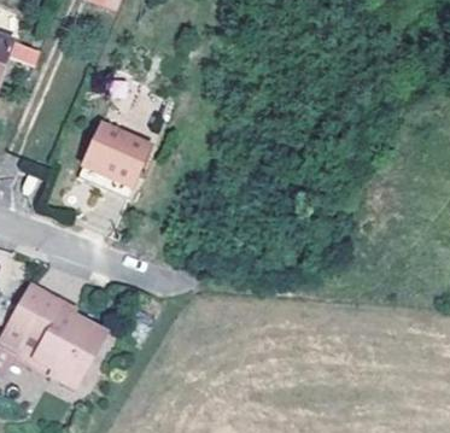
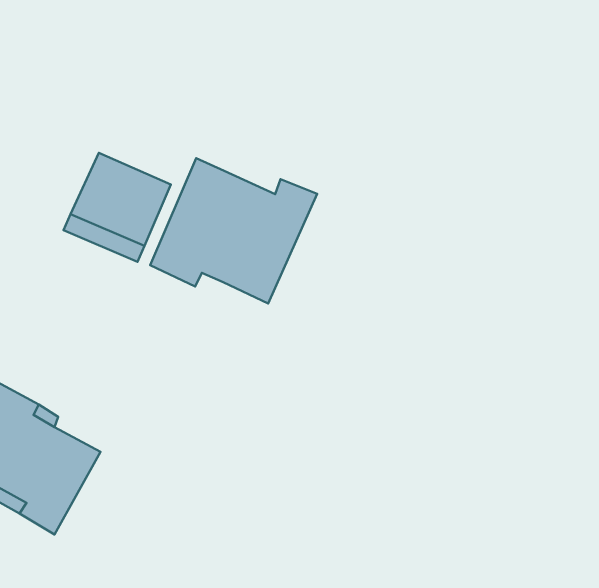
building: none -> [150,158,317,303]

